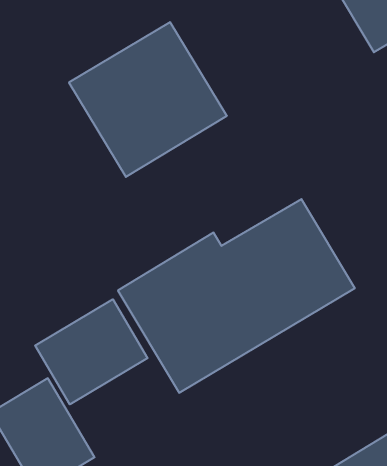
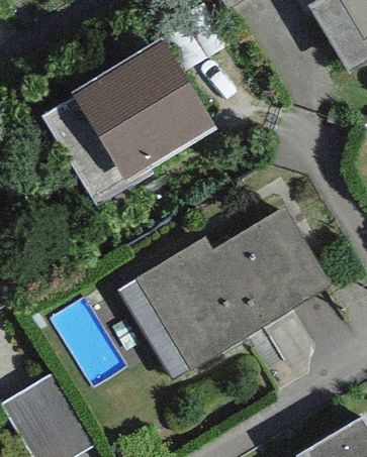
building: [35,299,148,404] -> none

